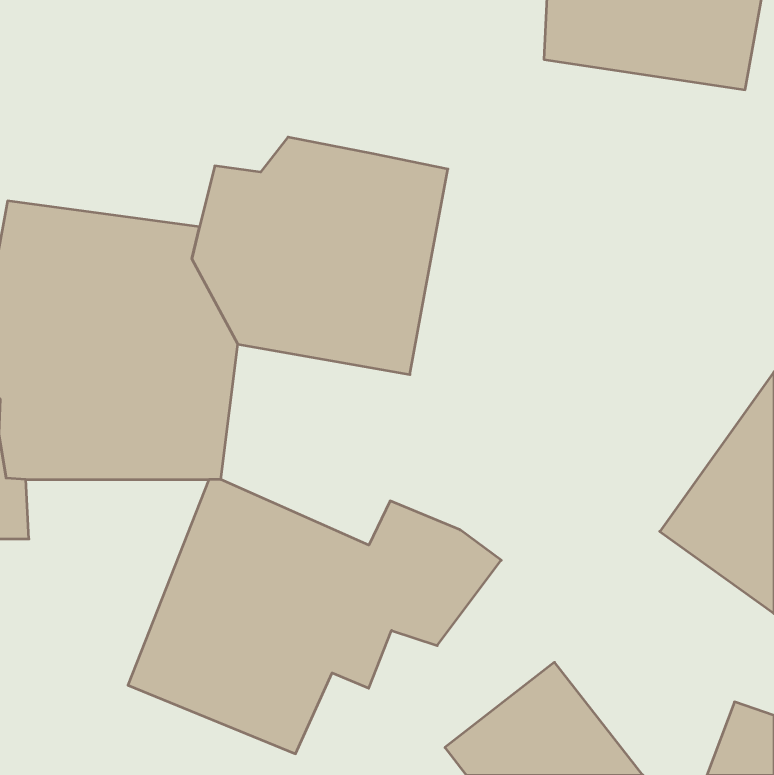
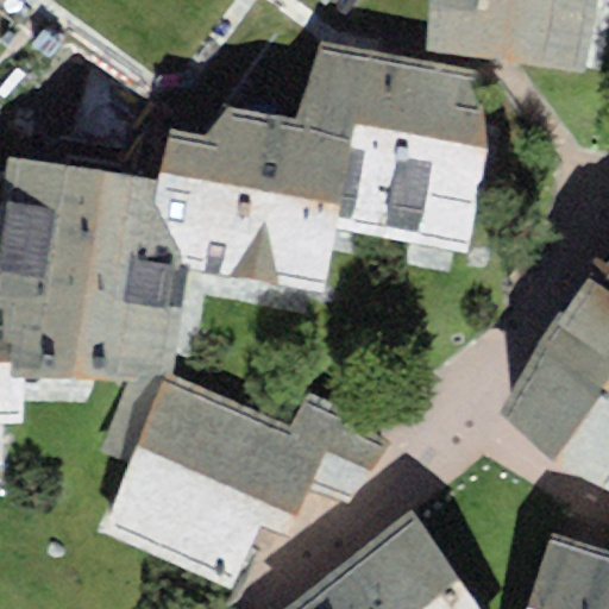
building: none -> [291,39,485,253]

